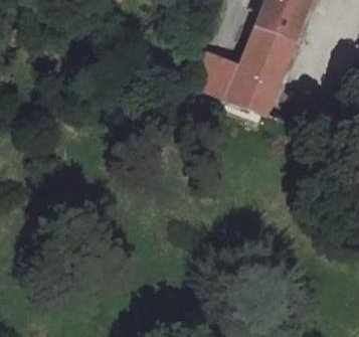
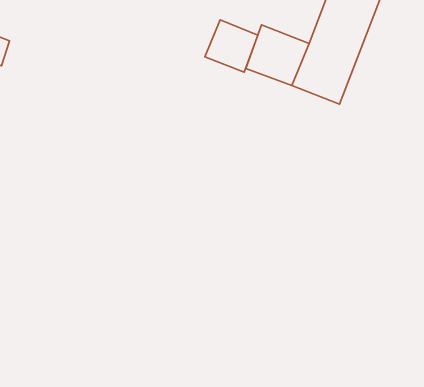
building: none -> [205,20,258,72]

